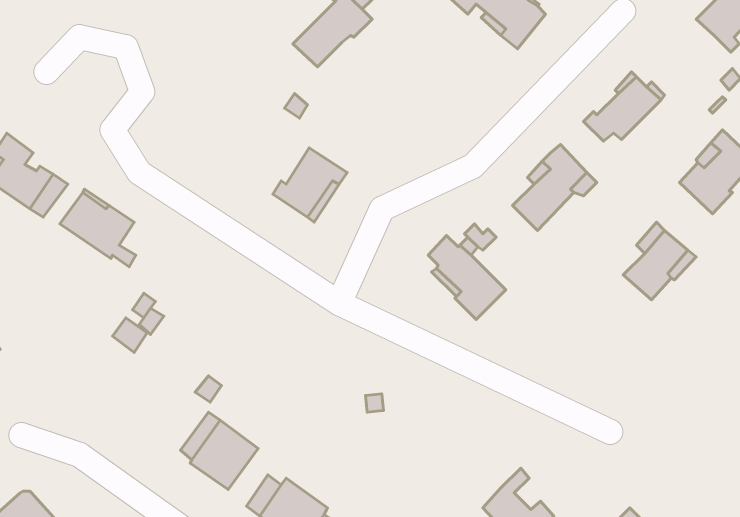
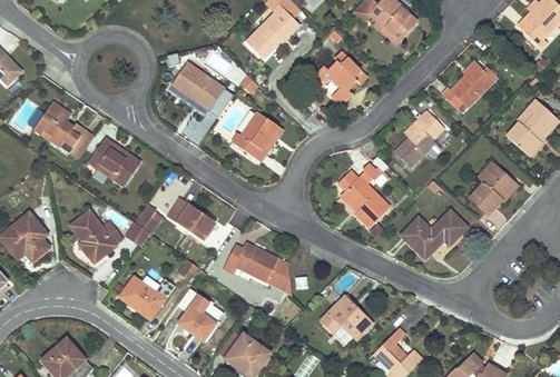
building: none -> [313,51,366,105]
building: none -> [173,57,224,109]
building: none -> [168,199,214,239]
building: none -> [401,210,466,256]
building: none -> [71,212,122,264]
building: none -> [223,241,292,295]
building: none -> [118,277,174,319]
building: none -> [322,296,372,344]

